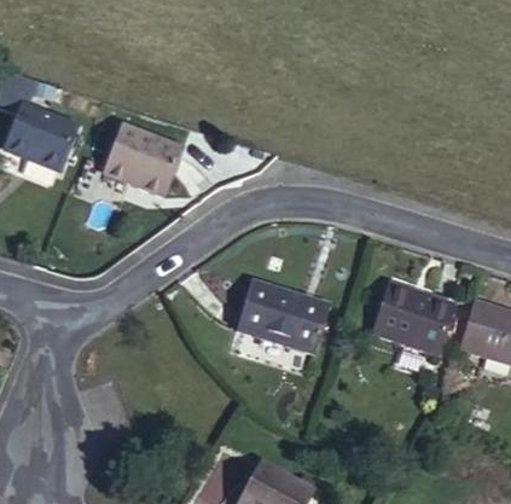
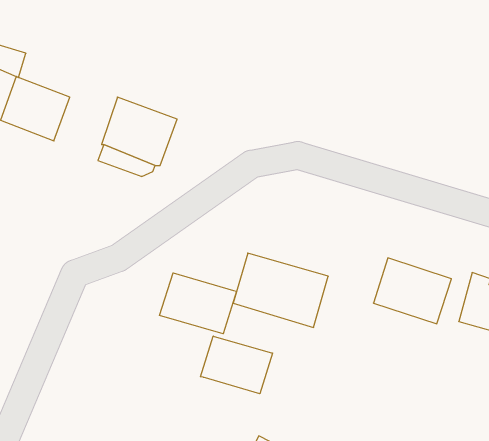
building: none -> [160,273,237,334]
building: none -> [200,336,273,394]

